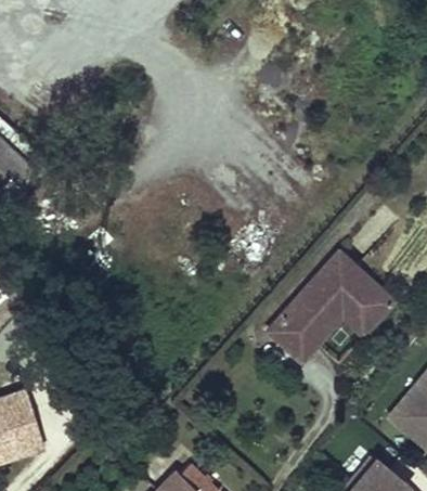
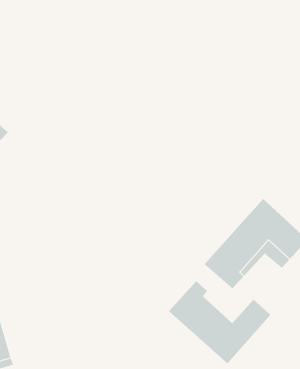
building: none -> [168,281,271,364]

